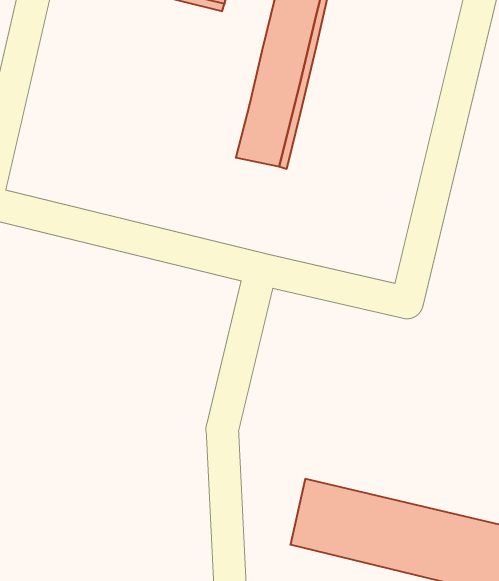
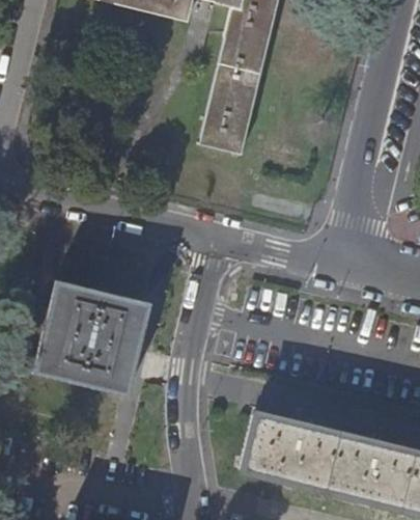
building: none -> [33,279,148,392]

